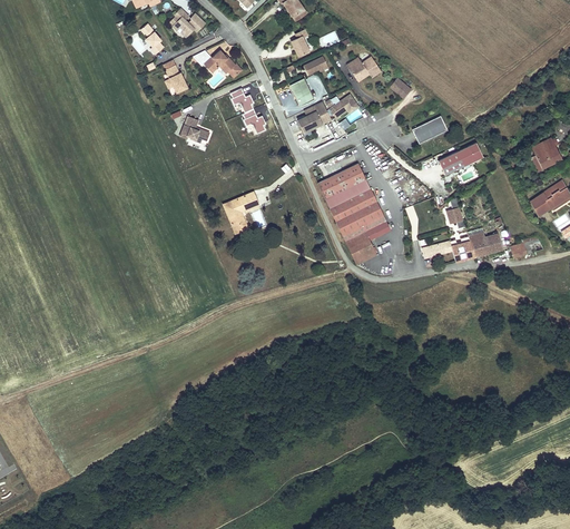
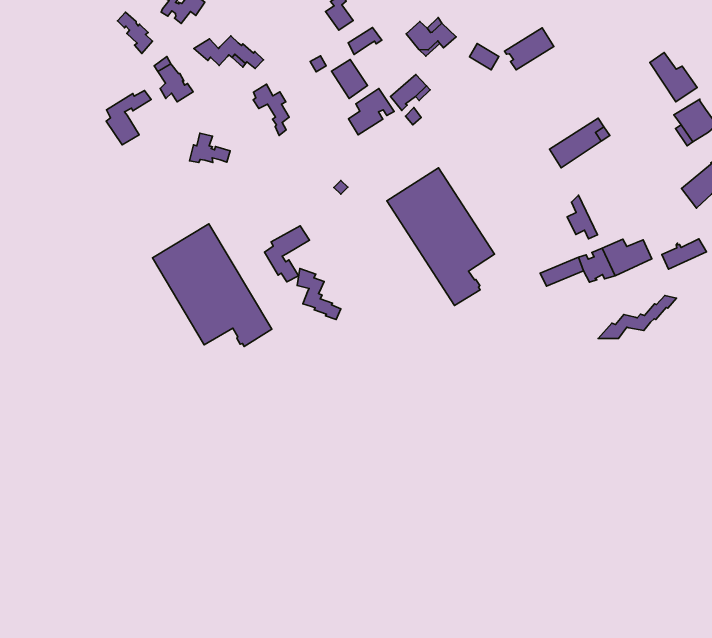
building: none -> [106,90,151,145]
building: none -> [650,53,697,102]
building: [412,116,448,144] -> [505,28,554,70]
building: none -> [153,224,272,347]
building: none -> [297,268,341,319]
building: none -> [598,296,676,339]

